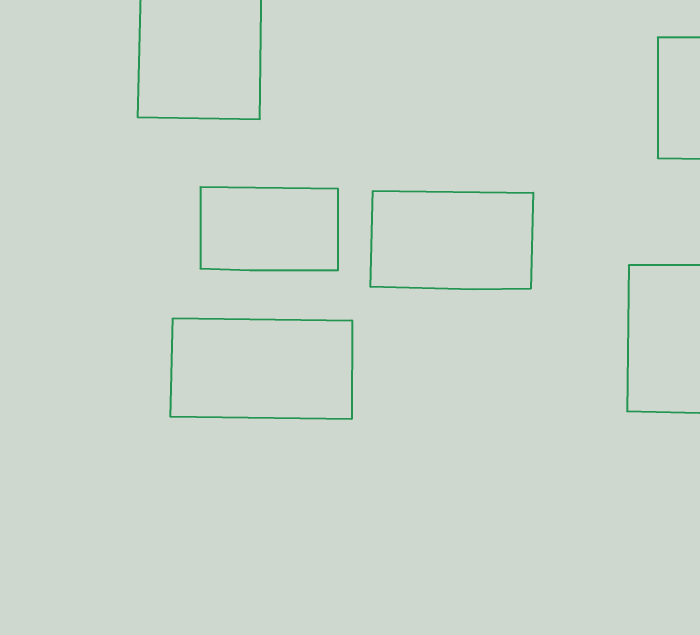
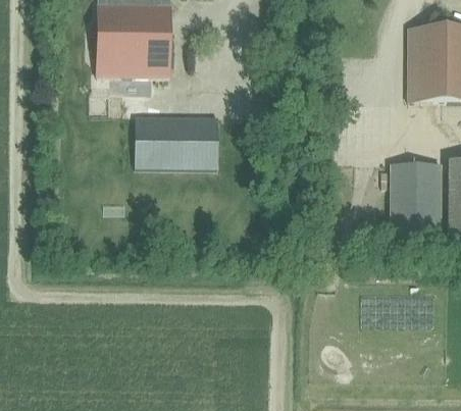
building: [371,191,533,289] -> none
building: [170,318,352,419] -> none

